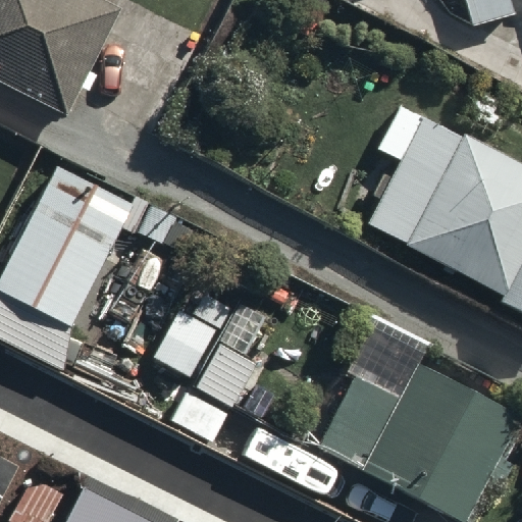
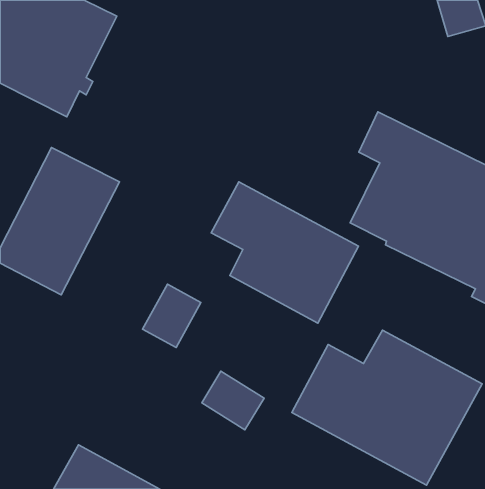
building: none -> [211,182,358,323]

